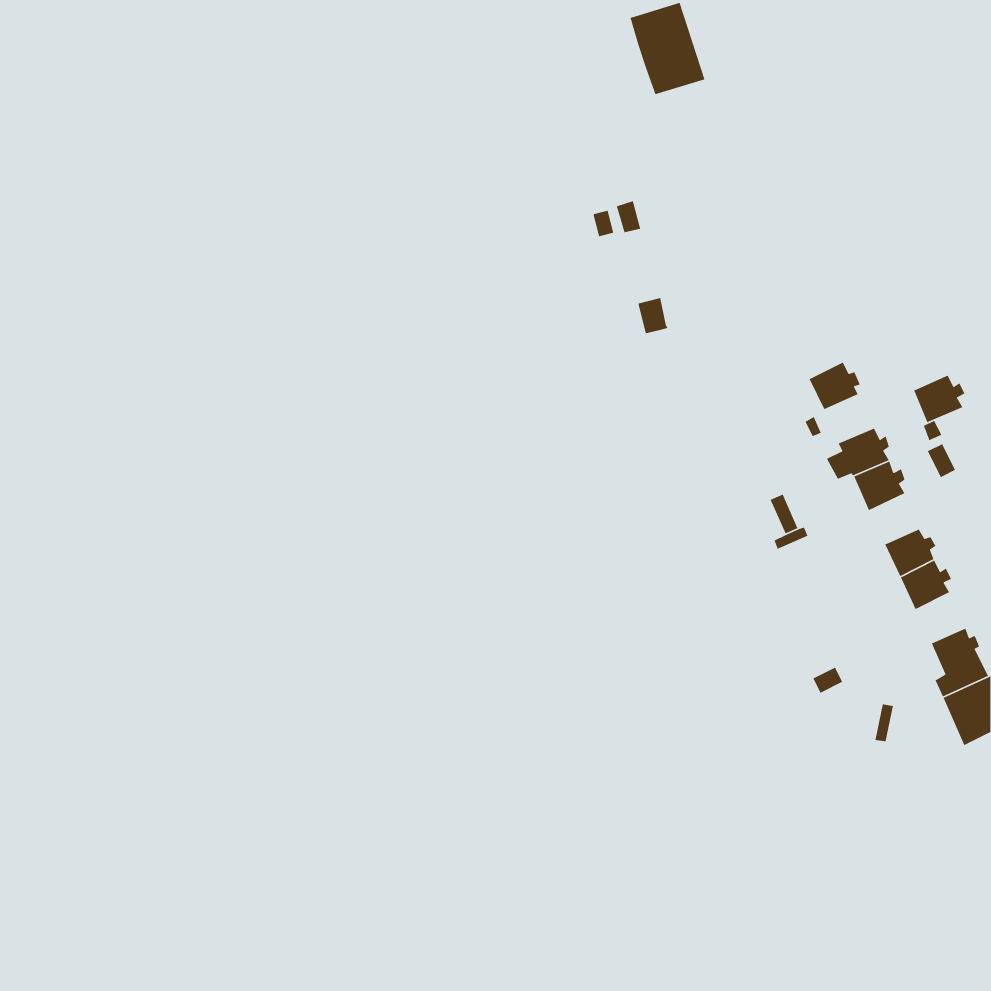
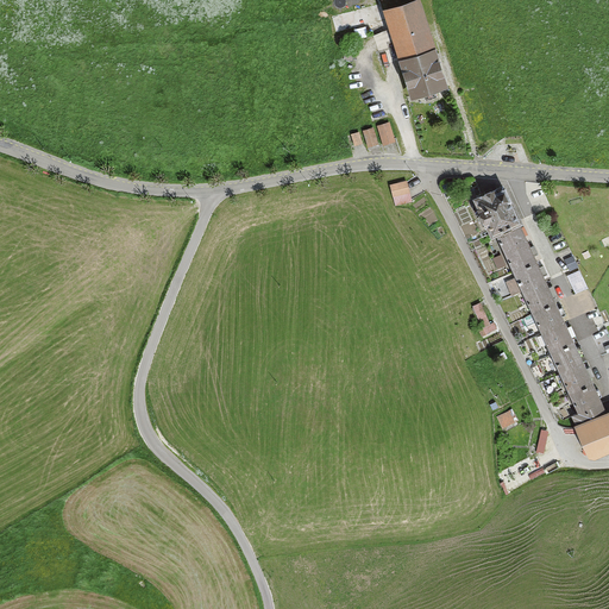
building: none -> [401,50,444,99]
building: none -> [476,188,519,234]
building: [913,374,966,423] -> [504,243,536,272]
building: none -> [532,303,564,334]
building: none -> [560,364,592,395]

